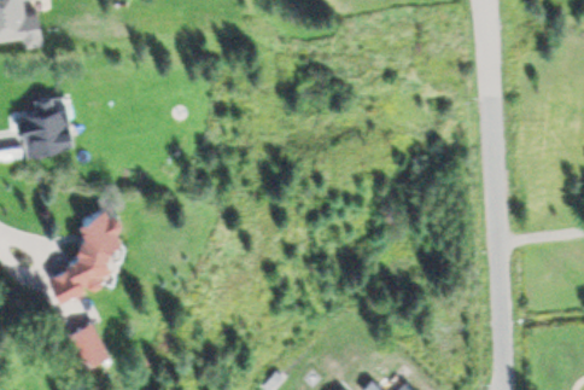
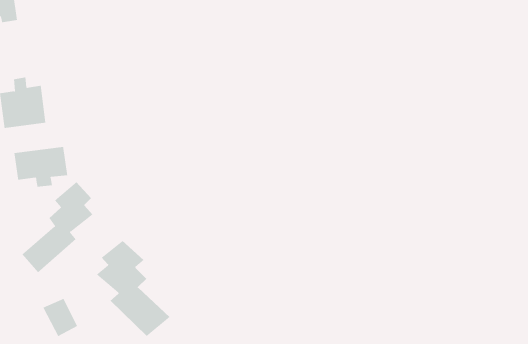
building: none -> [14,146,68,187]
building: none -> [96,240,170,337]

